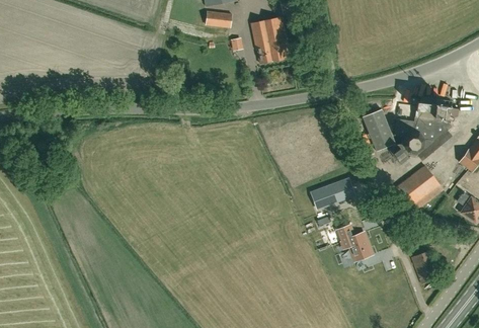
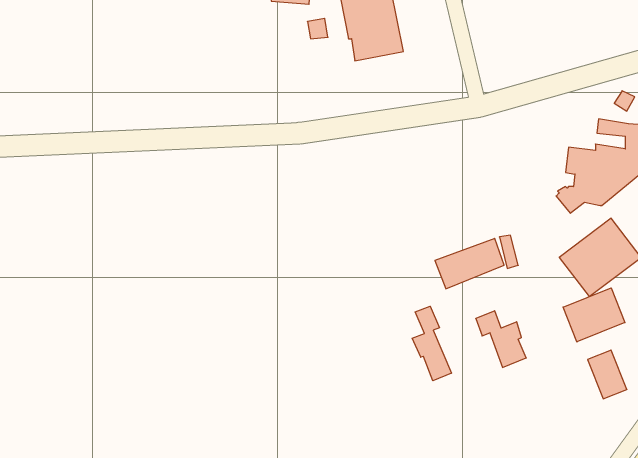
building: [362,108,395,151] -> none
building: none -> [563,288,625,342]
building: none -> [412,306,451,381]

